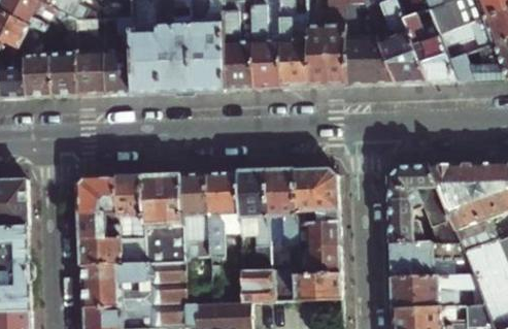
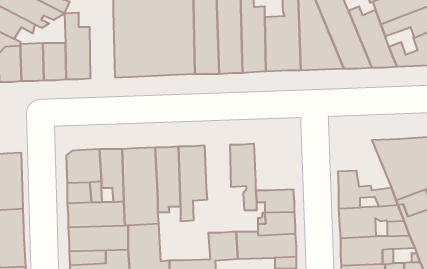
building: [104,15,133,93] -> none
building: [387,164,450,222] -> none
building: [293,167,338,222] -> none
building: [236,169,268,270] -> none

